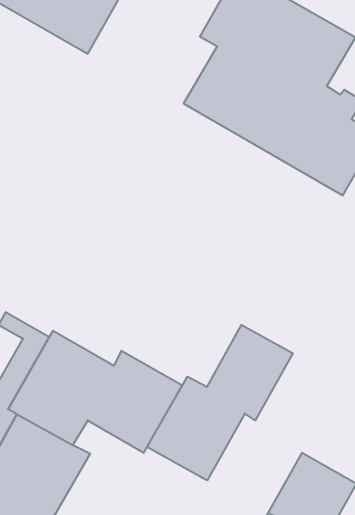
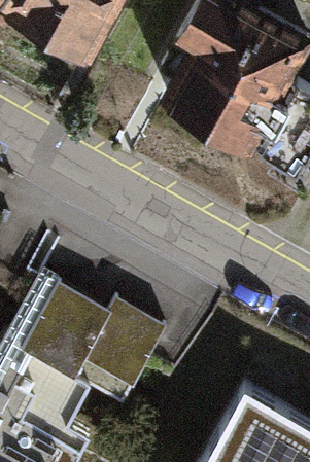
building: [147,325,293,480] -> none

